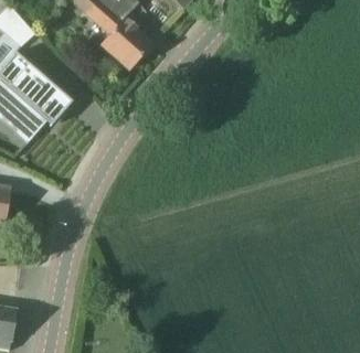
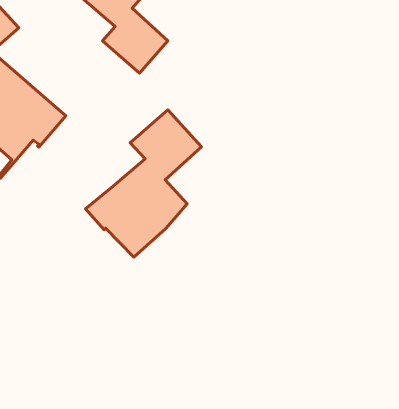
building: none -> [86,110,201,257]

